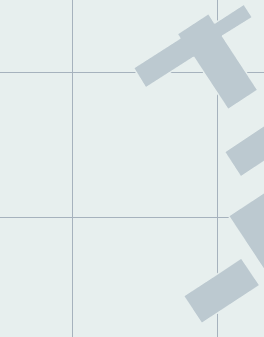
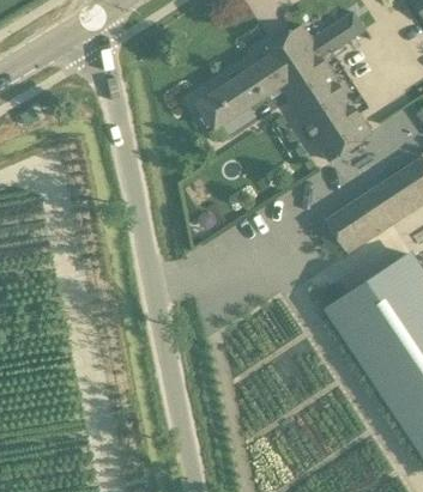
building: [183,258,260,323] -> none

